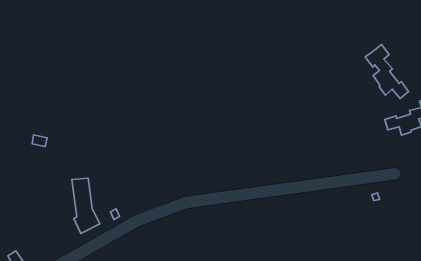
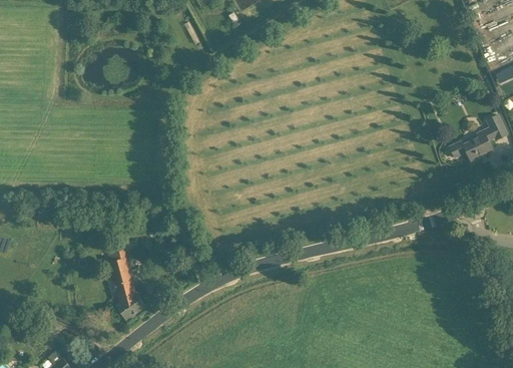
building: [365,45,409,98] -> none

